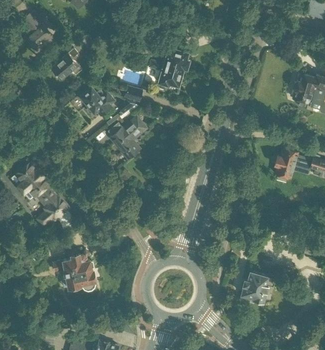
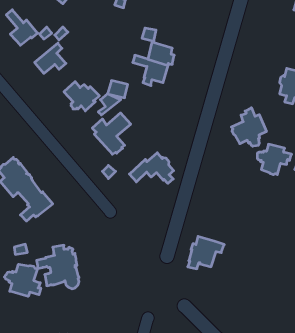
building: none -> [231,108,266,146]
building: none -> [129,153,174,183]
building: none -> [4,264,41,296]
building: [240,272,276,304] -> [188,236,224,269]

